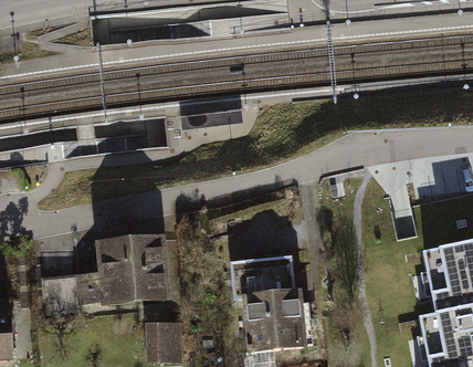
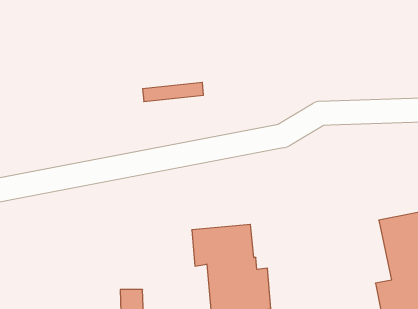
building: [43,240,165,316] -> none

